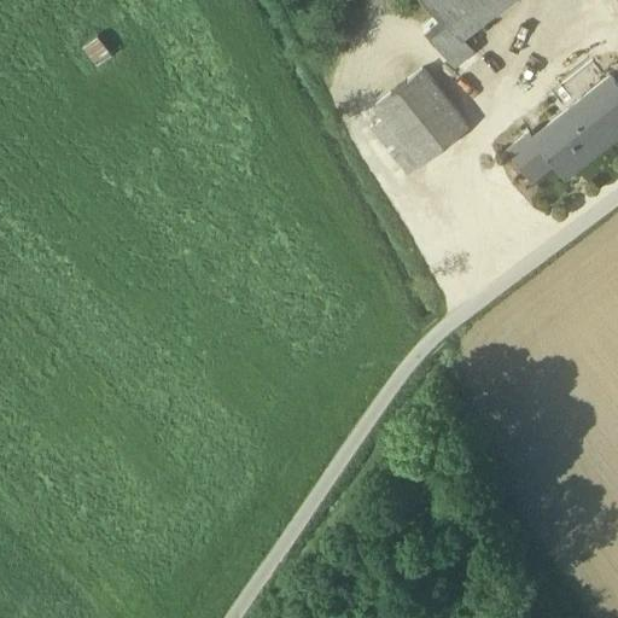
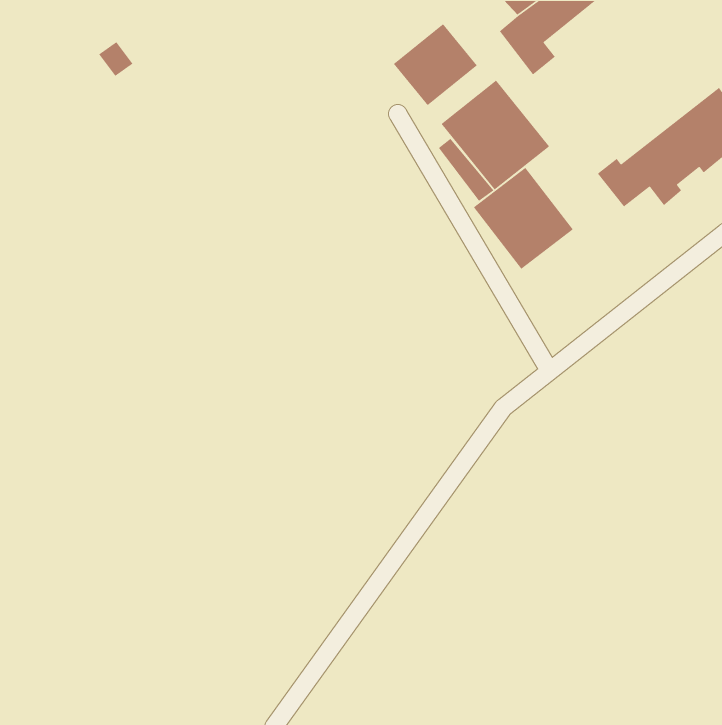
building: none -> [393,23,478,106]
building: none -> [473,167,574,270]

